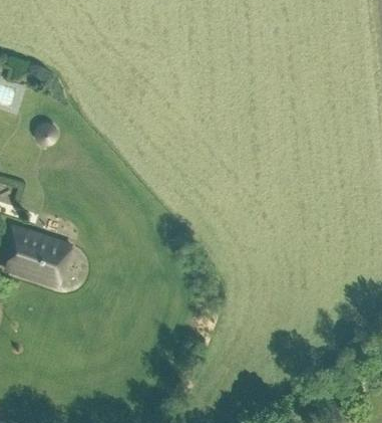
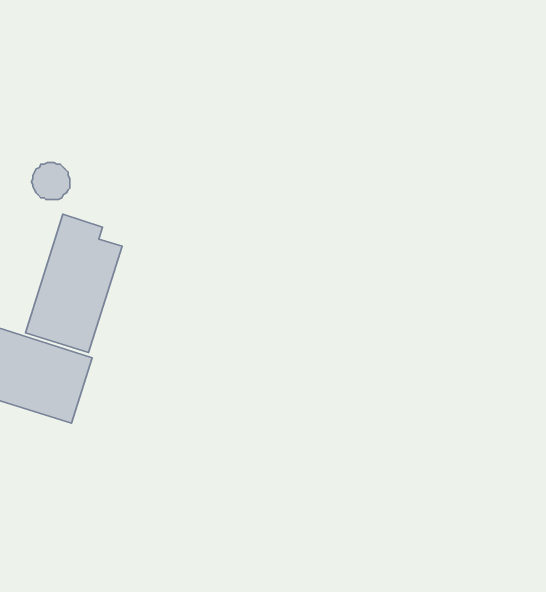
building: none -> [25,214,122,353]

